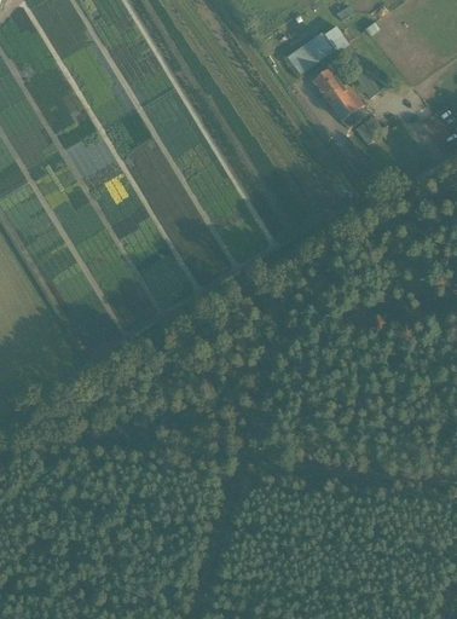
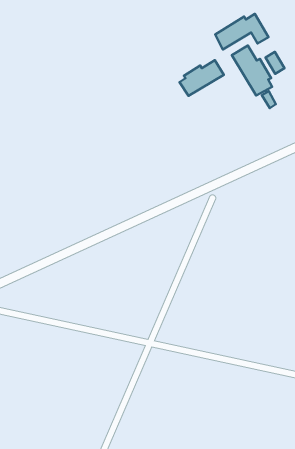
building: none -> [179,60,224,96]

